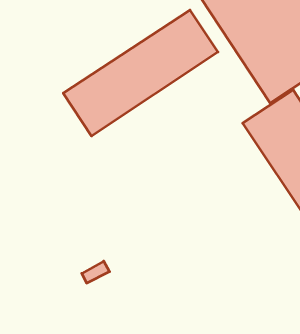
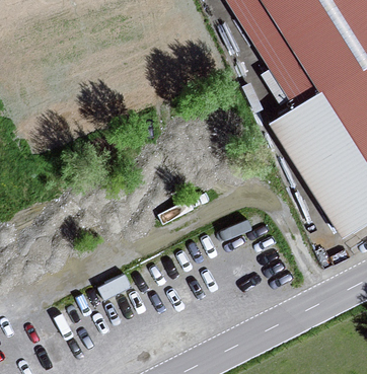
building: [63,10,218,136] -> none

